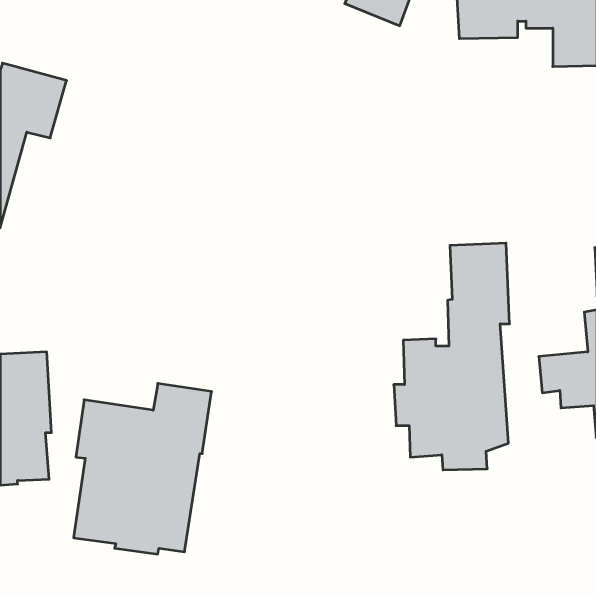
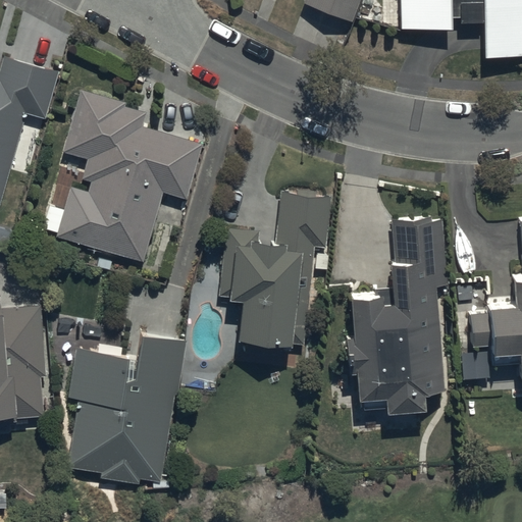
building: none -> [44,89,202,262]
building: none -> [221,189,331,351]

